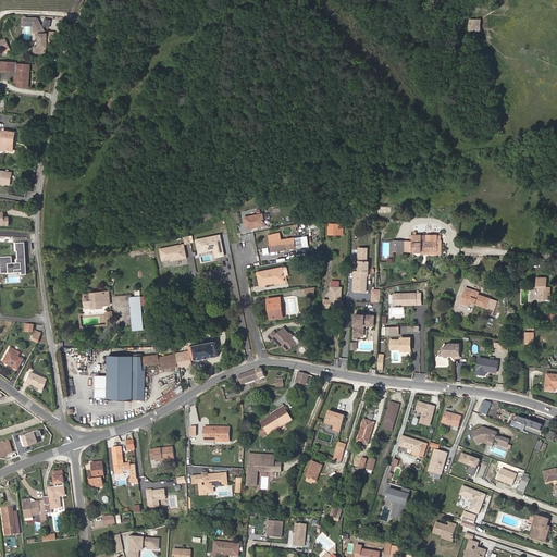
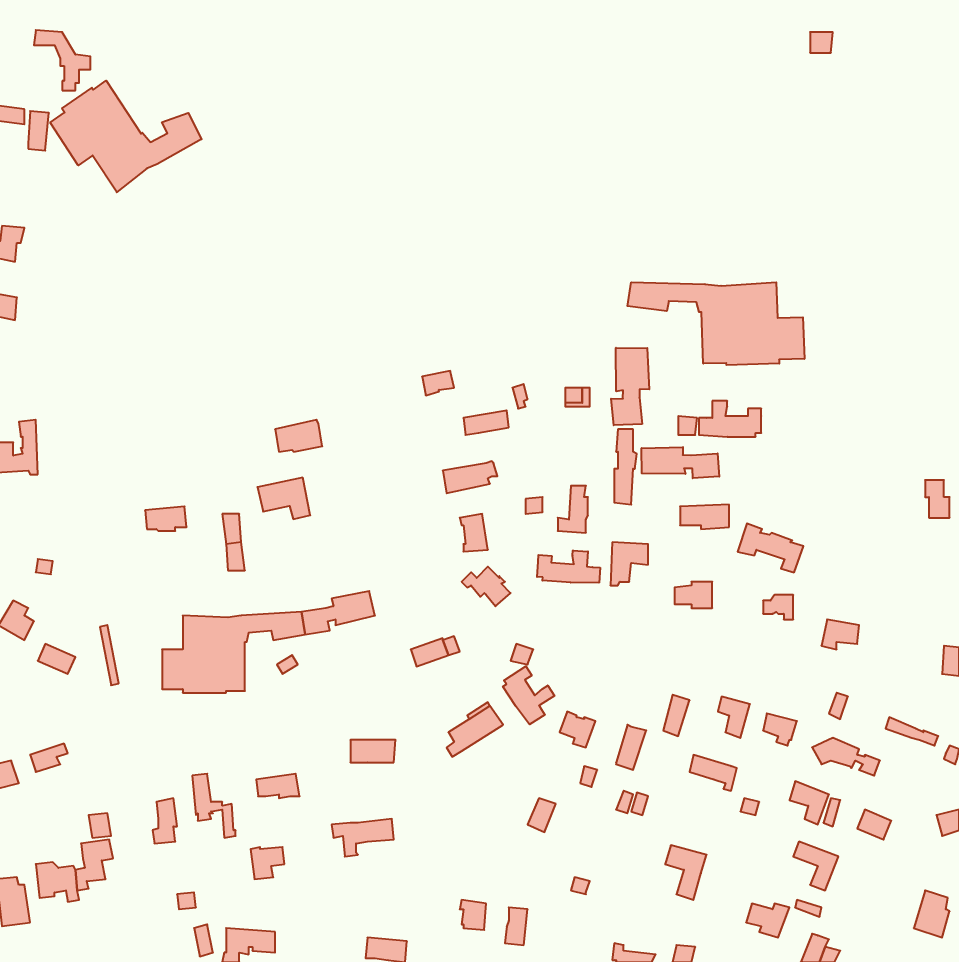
building: none -> [50,81,202,192]
building: none -> [627,282,804,365]
building: none -> [611,348,649,425]
building: [194,234,224,258] -> [257,478,310,519]
building: none -> [642,447,719,478]
building: [458,287,496,315] -> [738,523,803,572]
building: none -> [537,550,600,583]
building: none -> [503,666,554,724]
building: [246,454,273,486] -> none

